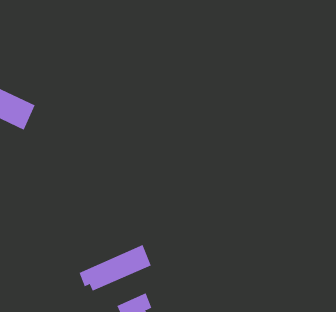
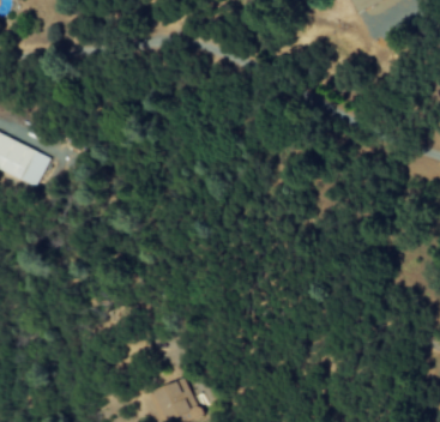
building: [79,244,152,292] -> none

